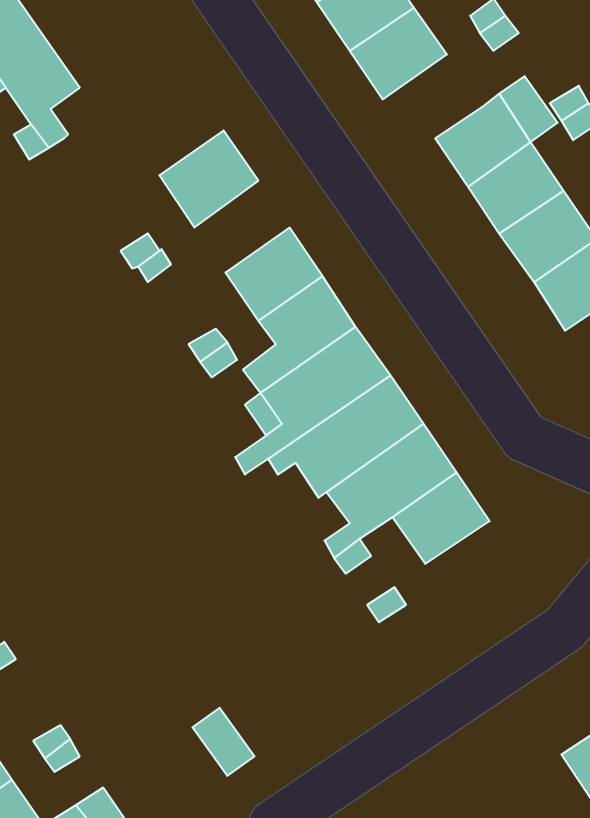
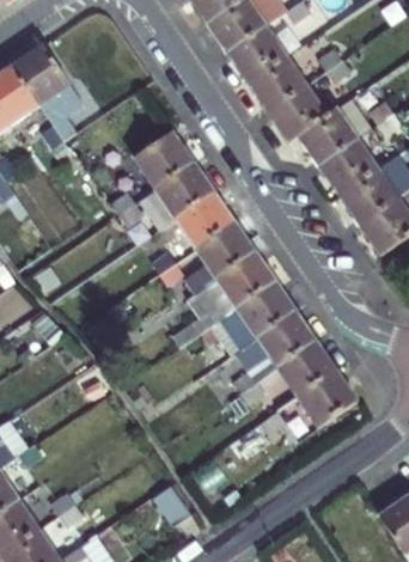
building: none -> [269,84,330,142]
building: none -> [136,161,212,230]
building: none -> [295,371,355,427]

